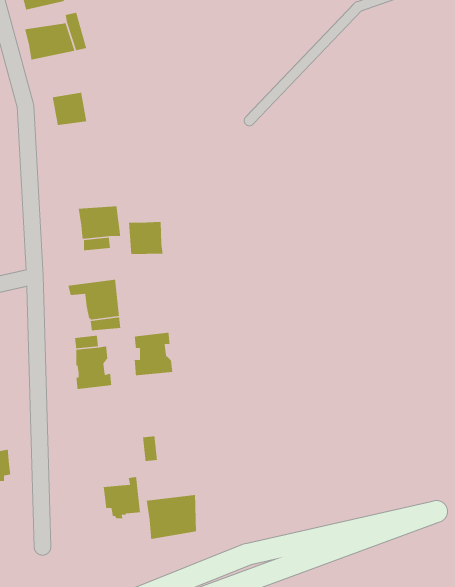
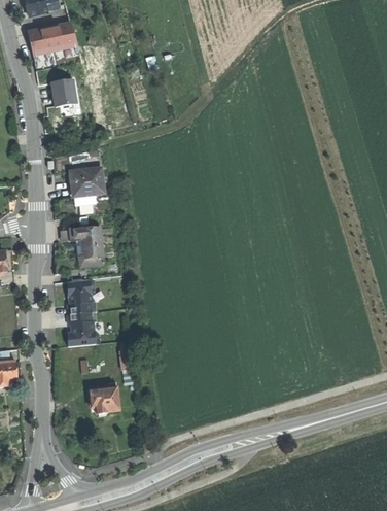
building: [128,221,164,255] -> none
building: [134,332,173,376] -> [68,310,99,345]
building: [146,494,197,540] -> none

